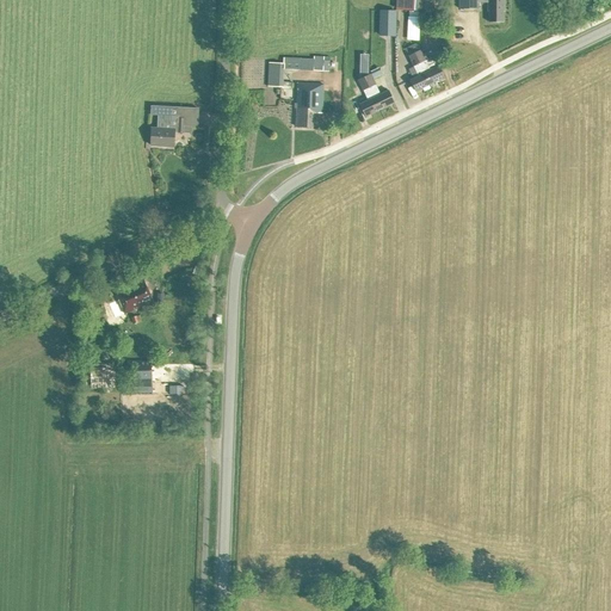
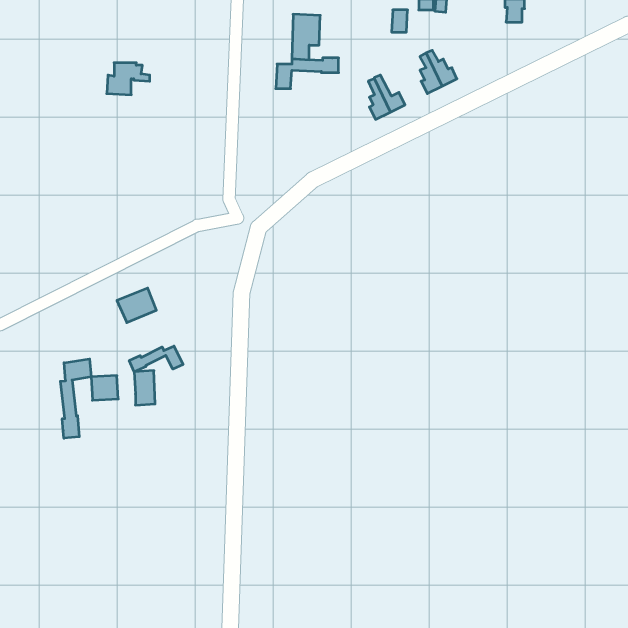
building: [295,82,322,126] -> [292,14,320,60]
building: [149,115,191,146] -> [107,63,150,95]
building: none -> [129,346,183,372]
building: none -> [60,359,91,438]

